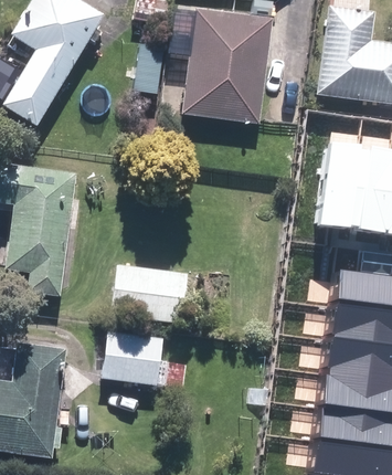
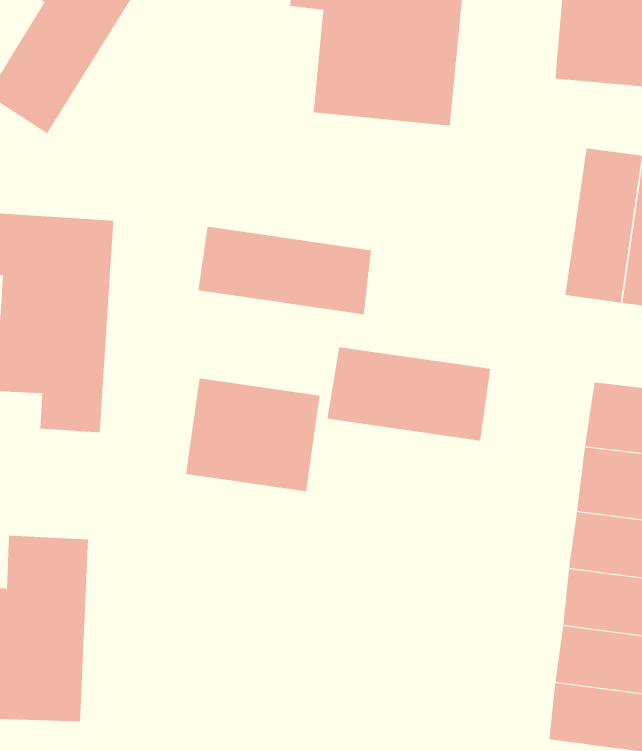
building: none -> [198,226,371,315]
building: none -> [327,346,491,442]
building: [103,332,166,387] -> none

